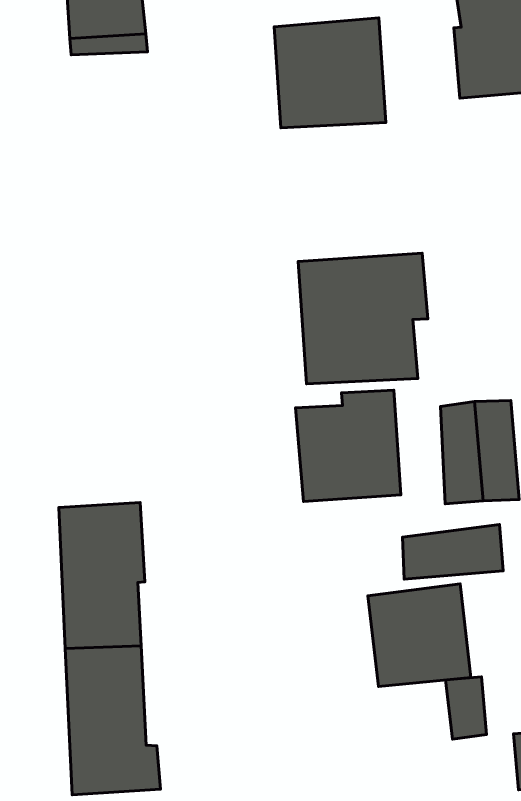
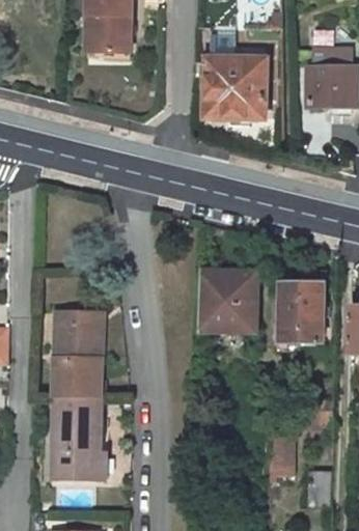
building: [298,253,428,384] -> none
building: [402,525,503,579] -> none
building: [368,584,471,686] -> none

